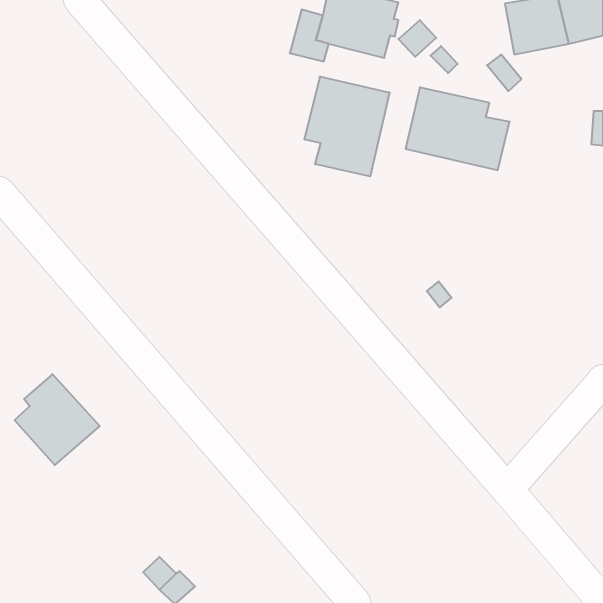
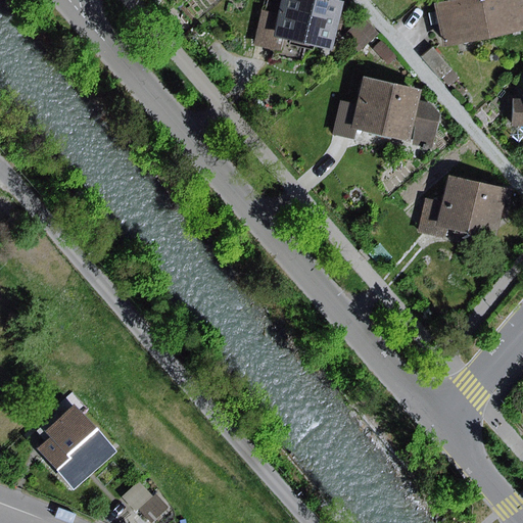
building: [305,76,390,176] -> none
building: none -> [418,175,509,238]
building: [15,374,100,465] -> [39,408,112,486]

